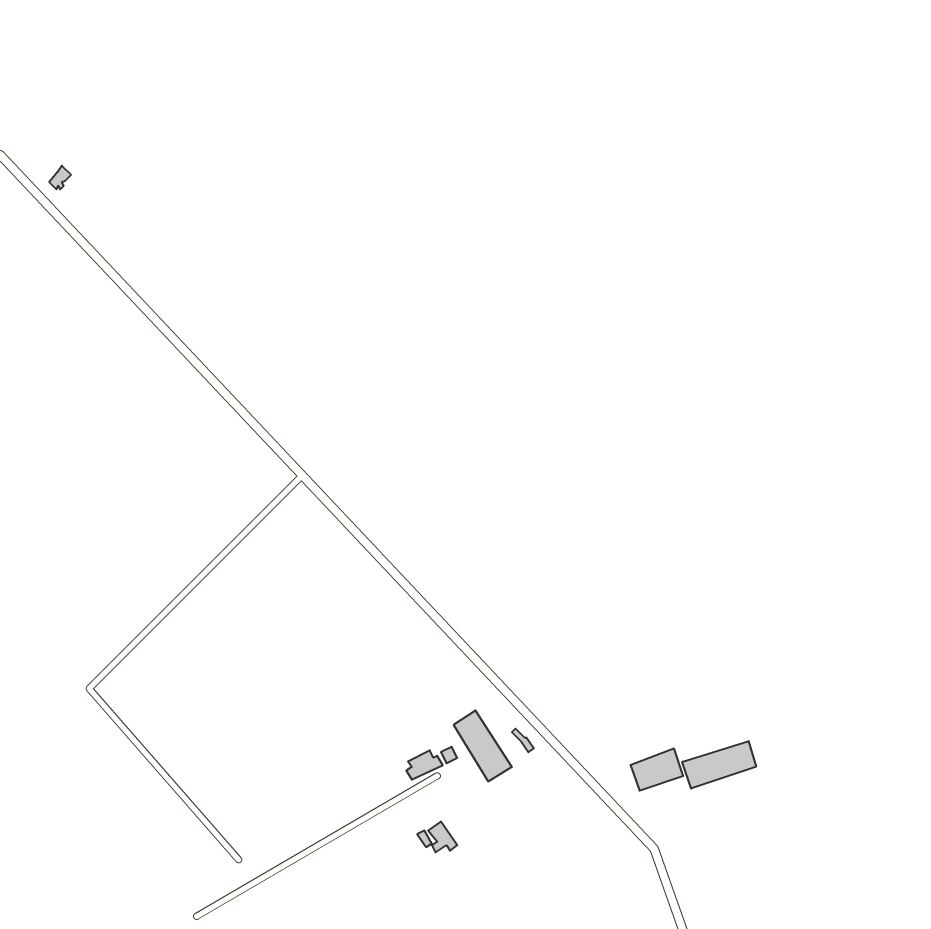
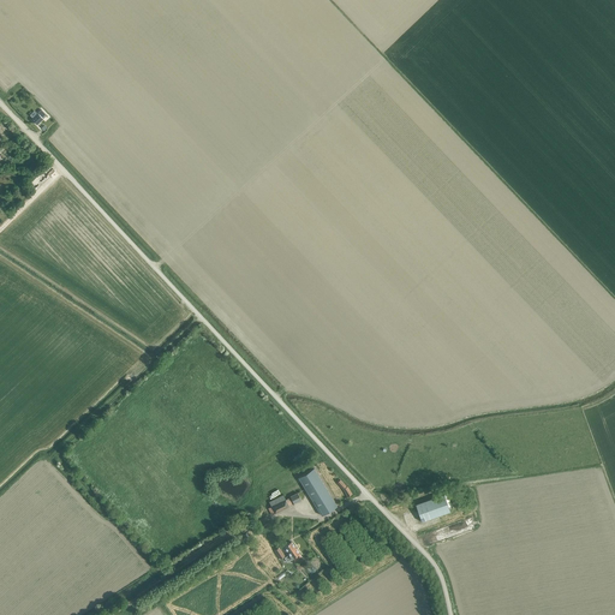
building: [682,741,756,789] -> none

